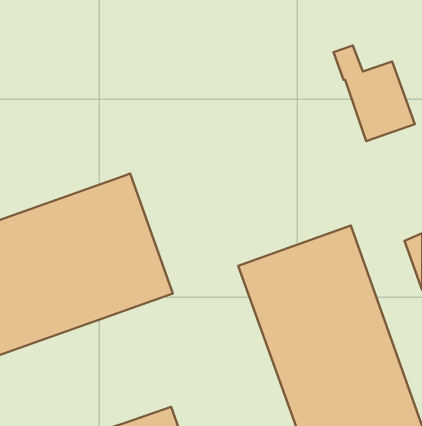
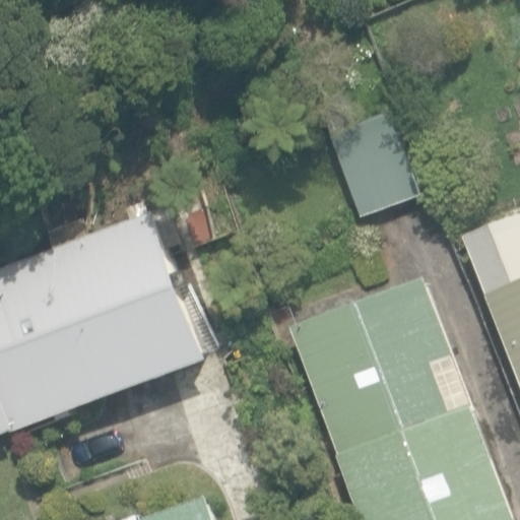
building: [333,45,415,141] -> [315,92,413,208]

